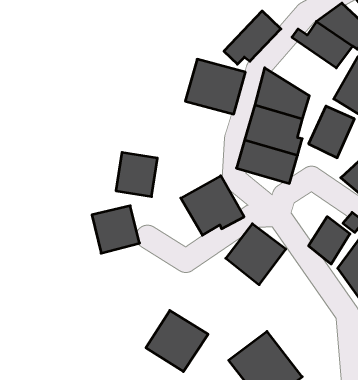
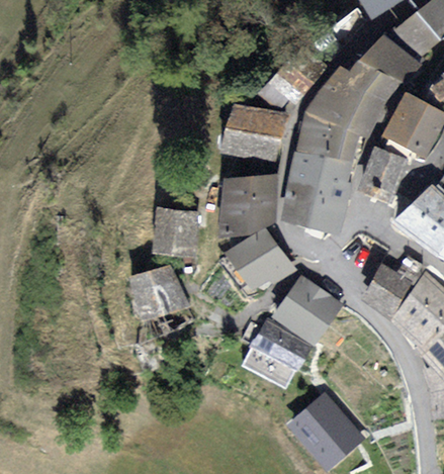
building: none -> [306,74,383,139]
building: none -> [220,173,277,232]
building: [146,310,208,372] -> [244,320,309,385]

